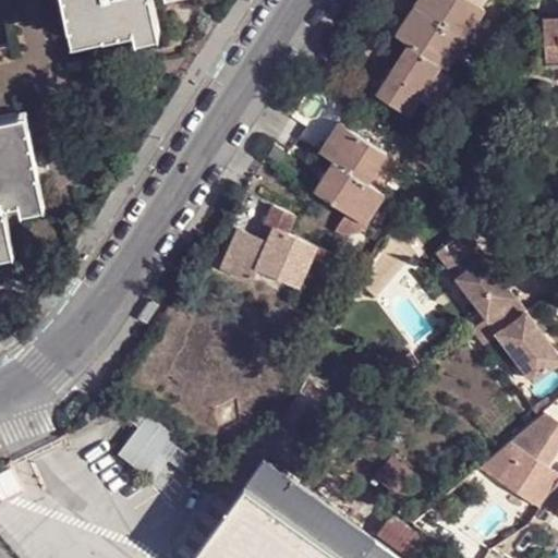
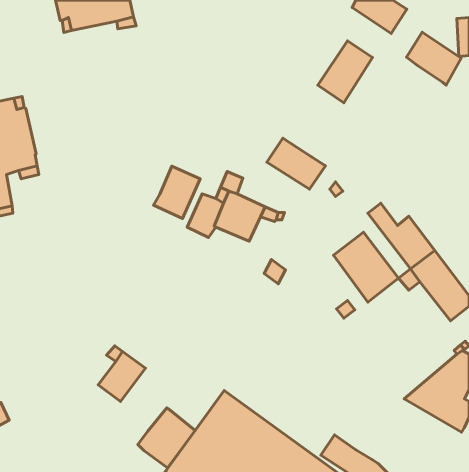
building: [396,11,460,73] -> [406,32,461,85]
building: [319,128,384,186] -> none
building: none -> [154,166,200,219]
building: none -> [334,232,399,302]
building: none -> [138,408,195,468]

